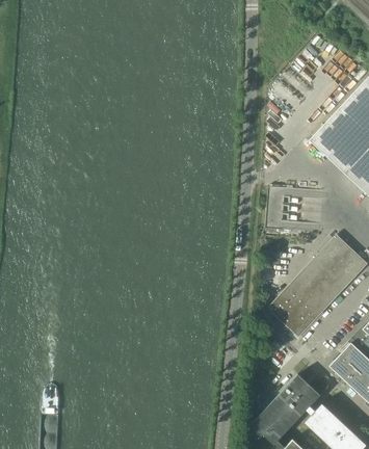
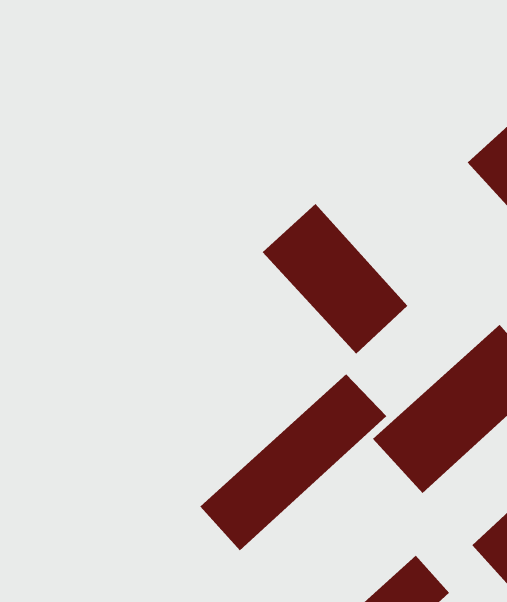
building: none -> [262,203,408,354]
building: none -> [199,374,387,551]

